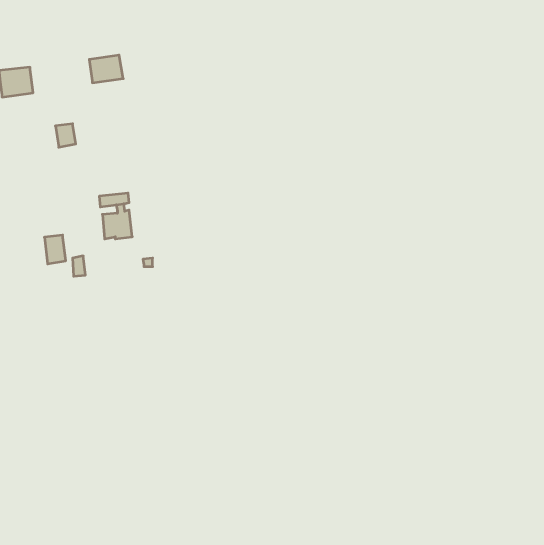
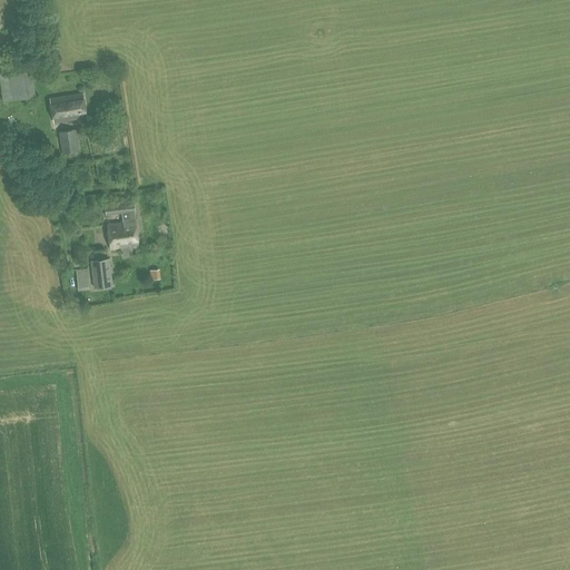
building: [89,55,123,83] -> [50,94,86,122]
building: [44,235,66,264] -> [90,258,112,288]

